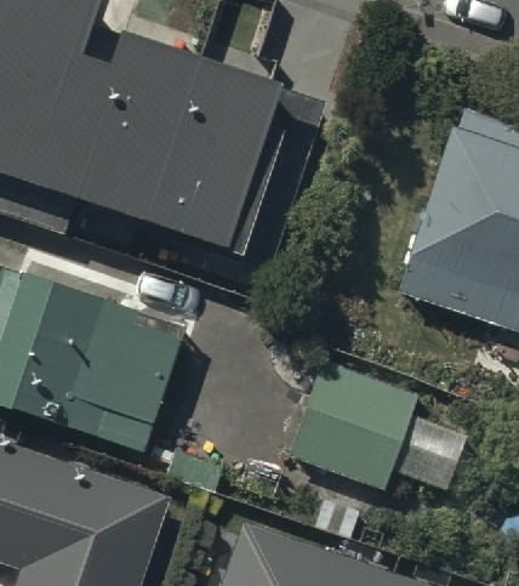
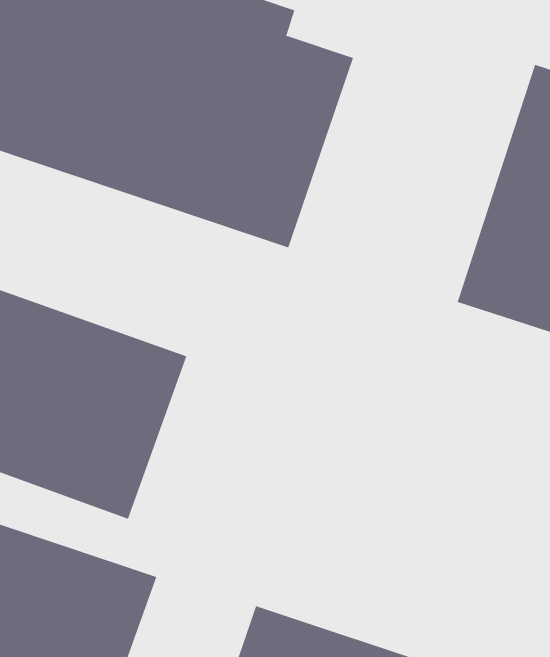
building: [287,365,418,494] -> none

